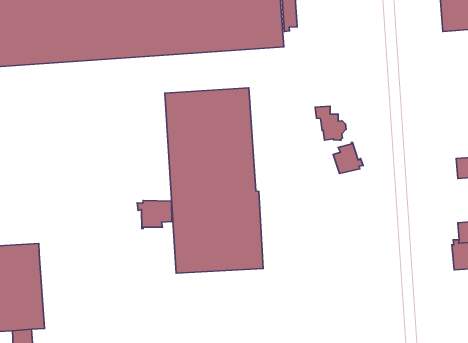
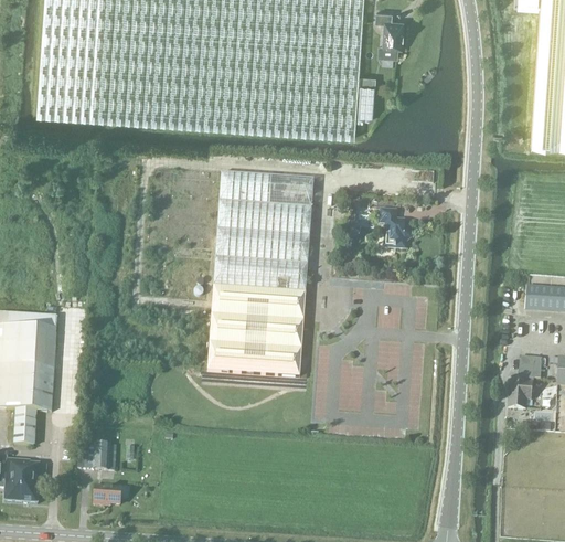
building: [333,142,363,174] -> none
building: [137,201,172,228] -> none

